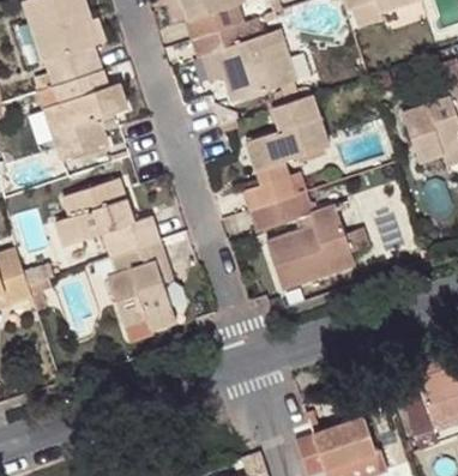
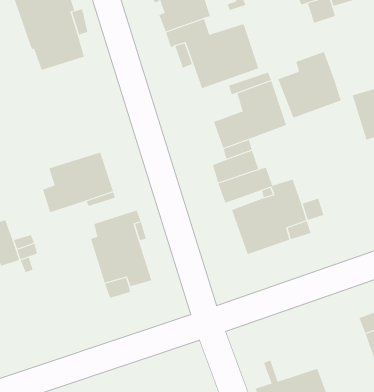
building: none -> [278,51,342,119]
building: [41,70,126,158] -> none

